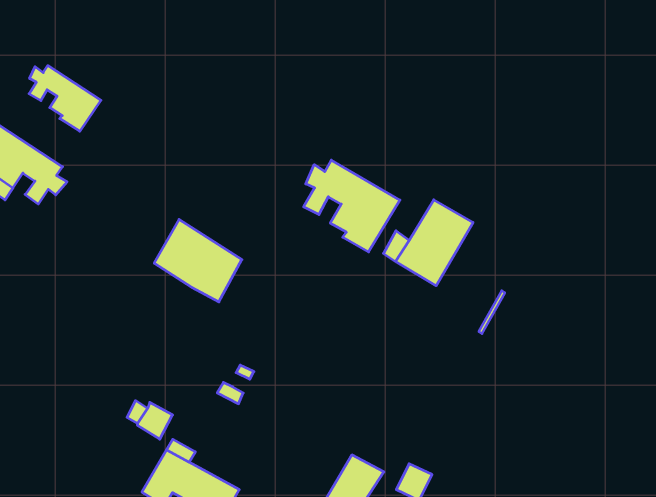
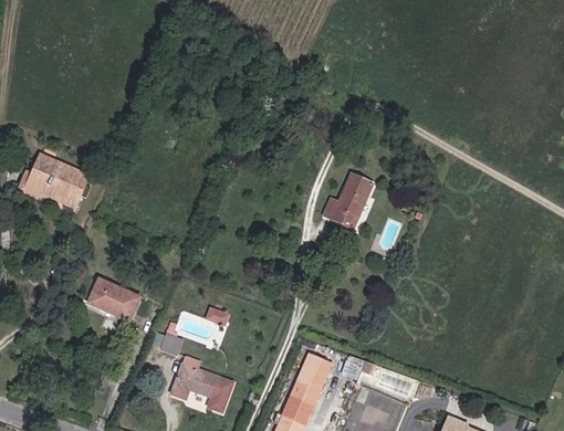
building: [29,66,101,131] -> none
building: [304,160,400,252] -> none
building: [154,219,242,302] -> [80,274,139,327]

